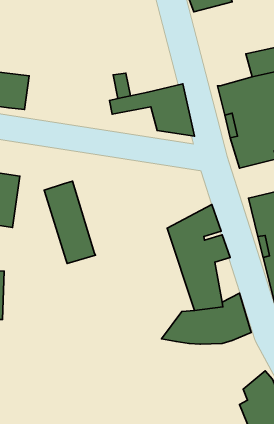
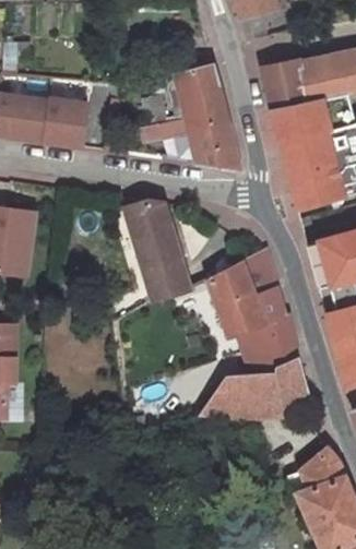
building: none -> [263,60,311,109]
building: none -> [178,62,228,117]
building: none -> [39,97,91,144]
building: [44,181,95,263] -> [129,202,190,300]
building: none -> [266,313,296,368]

